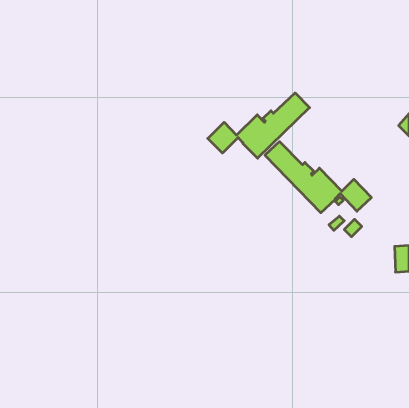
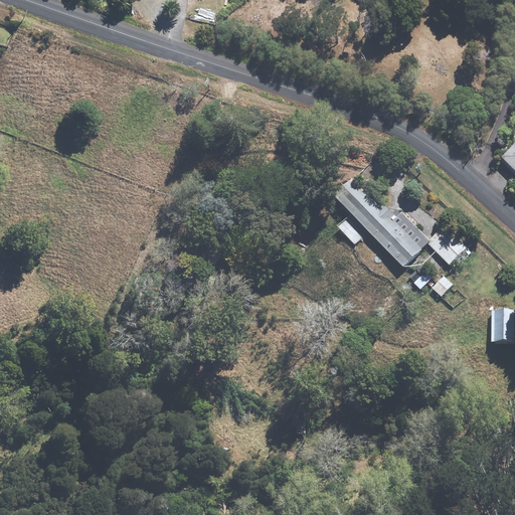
building: [208,93,310,158] -> none

